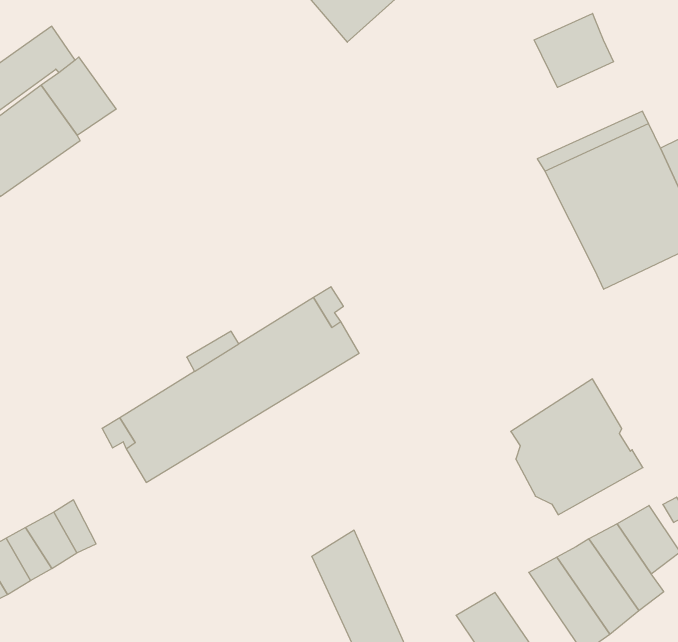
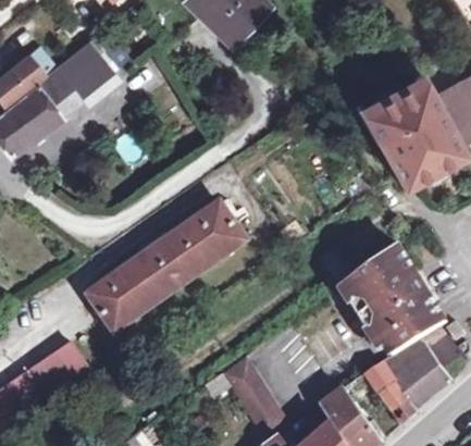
building: [534,13,614,87] -> none
building: none -> [55,39,111,95]
building: none -> [381,301,445,355]

